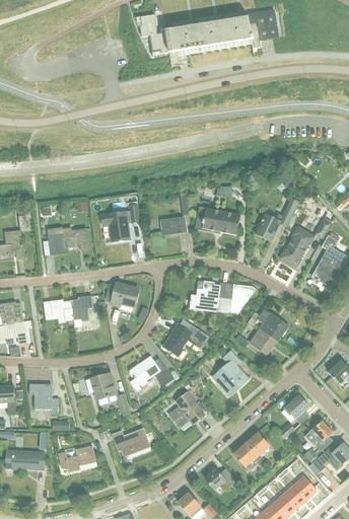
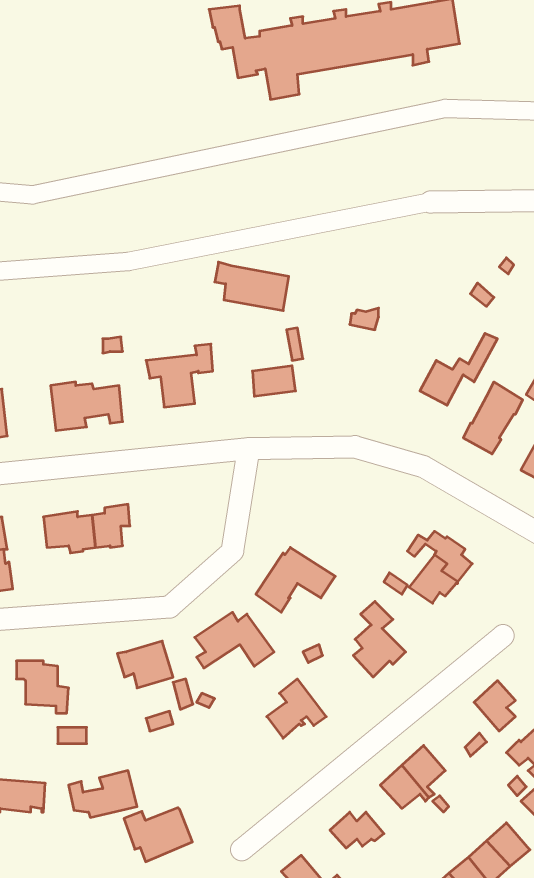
building: [198,207,239,234] -> [215,262,289,311]
building: [189,281,257,313] -> none
building: [106,284,138,305] -> none
building: [112,427,150,457] -> [124,808,192,862]

